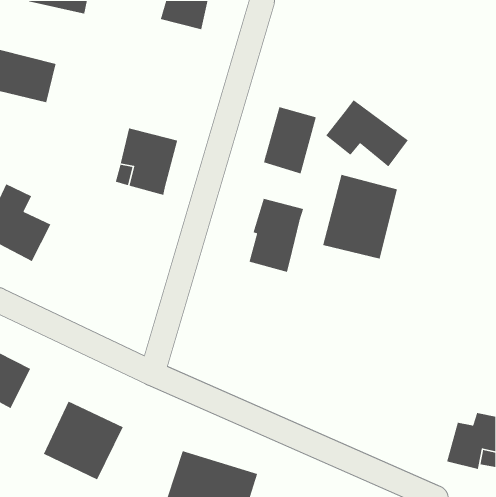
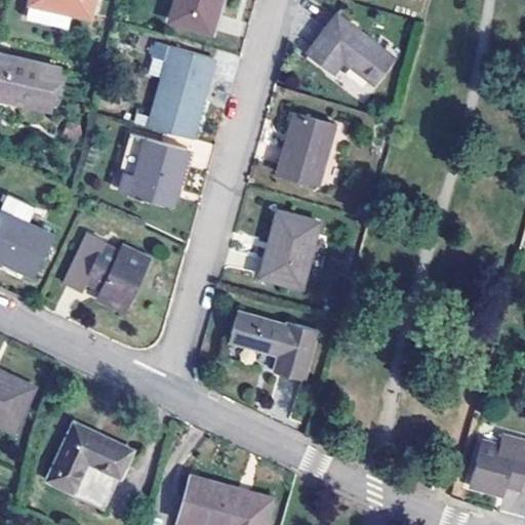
building: none -> [149,41,214,129]
building: [325,99,409,168] -> [306,13,394,85]
building: [322,174,398,260] -> none
building: none -> [65,234,149,311]
building: none -> [228,310,317,378]

